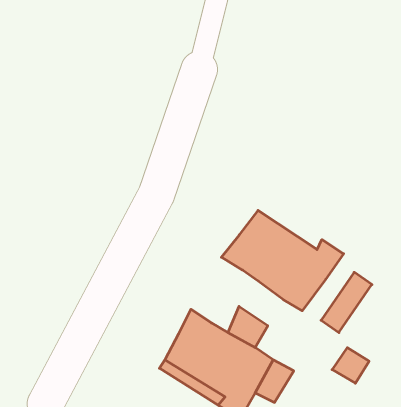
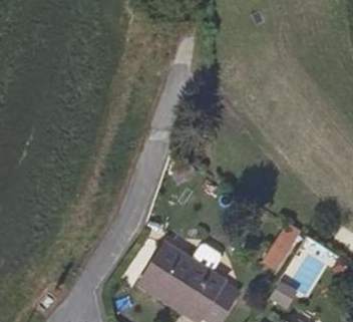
building: [221,210,344,311] -> none

